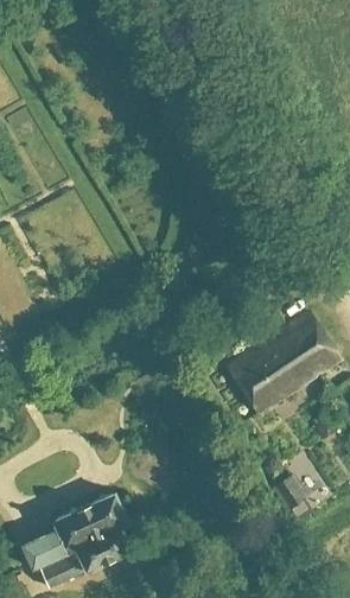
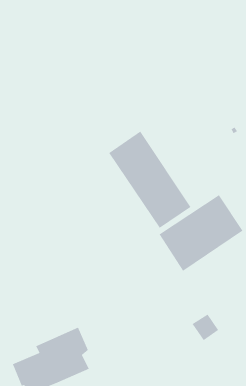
building: none -> [108,130,191,229]

